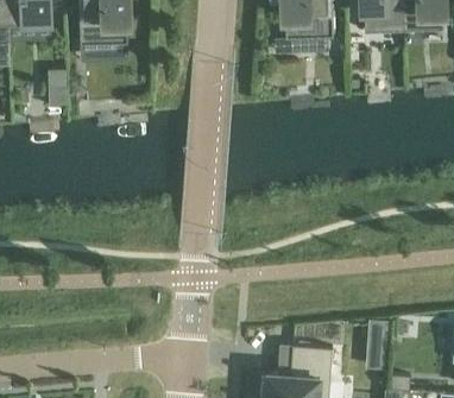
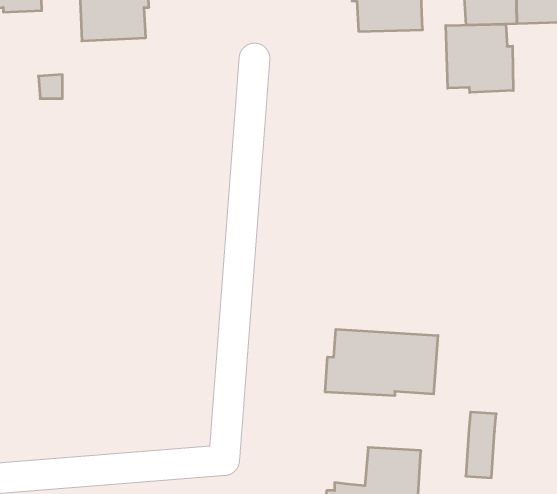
building: none -> [446,24,513,93]
building: none -> [325,329,438,396]

